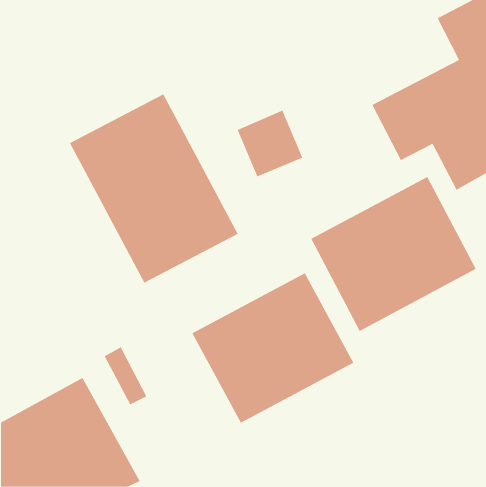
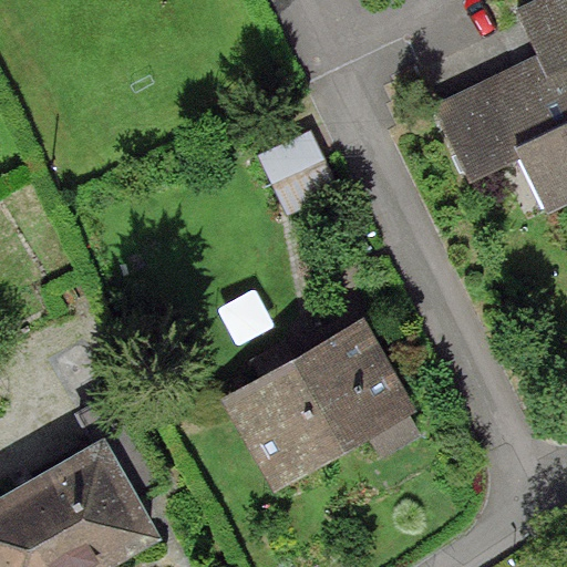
building: [69,94,239,284] -> none
building: [311,176,477,332] -> none

